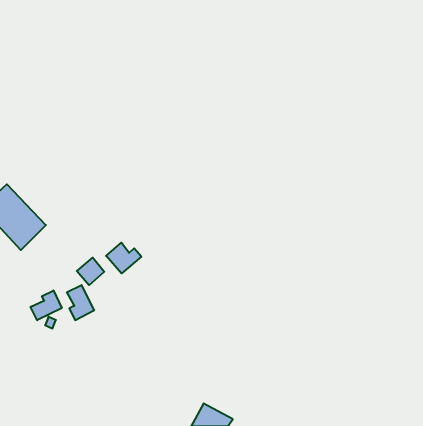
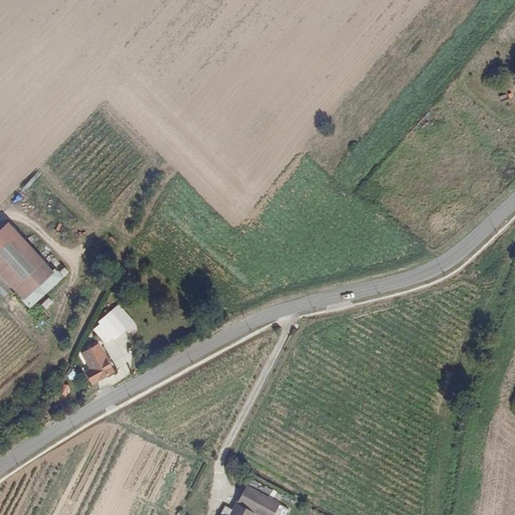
building: [106,243,141,273] -> none
building: [31,290,62,320] -> none

